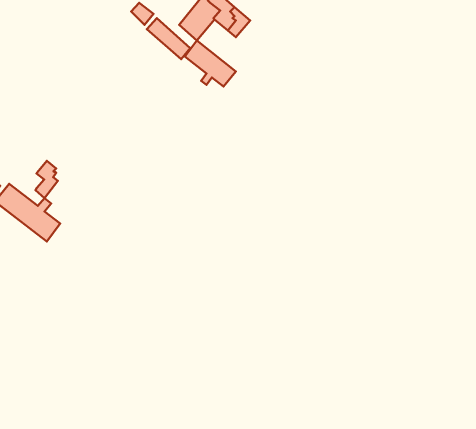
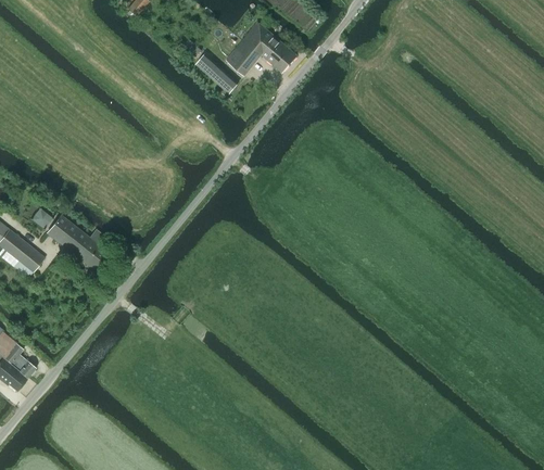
building: [185,40,236,87] -> none
building: [35,161,58,198] -> none

